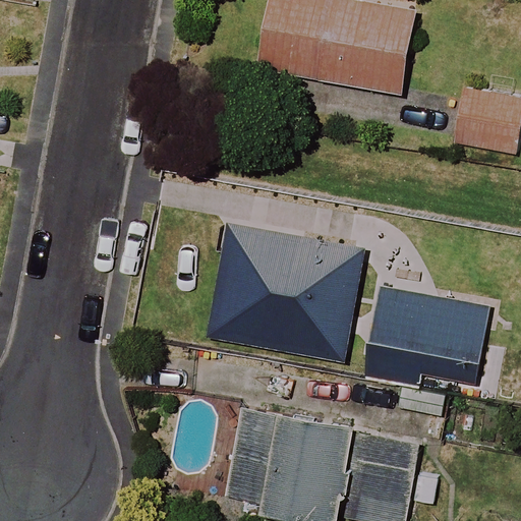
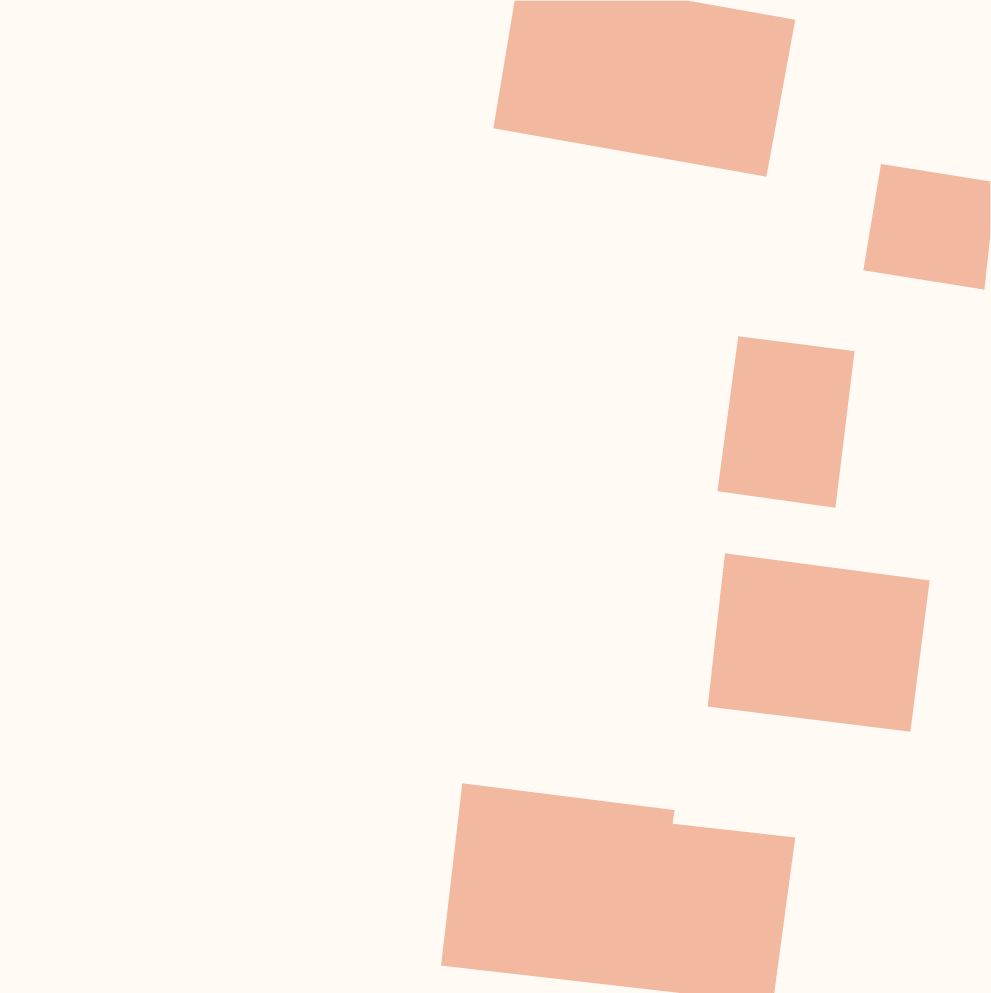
building: none -> [717,335,855,509]
building: [209,223,363,361] -> none

